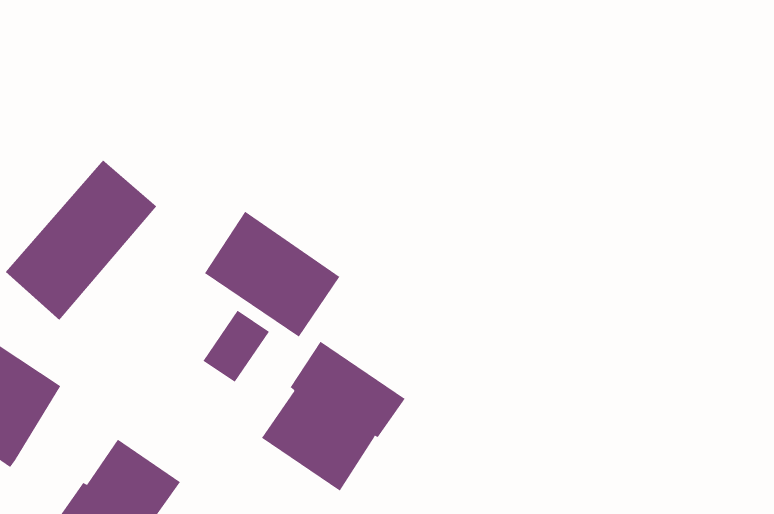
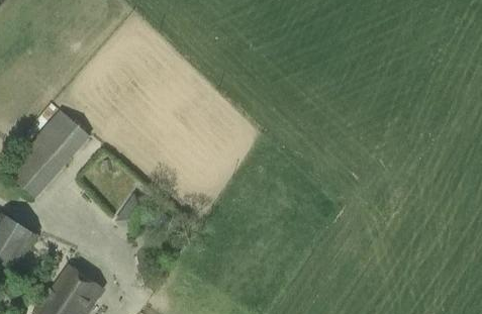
building: [204,211,340,337] -> none
building: [261,341,405,491] -> none

